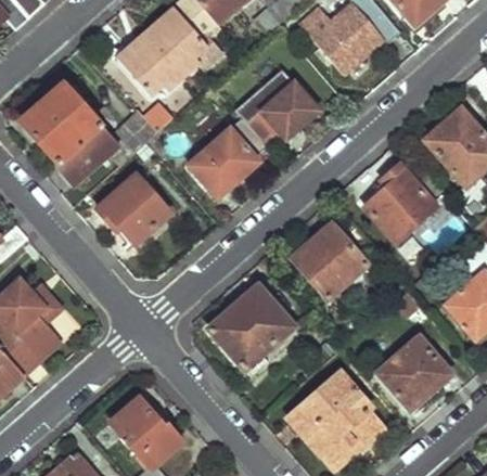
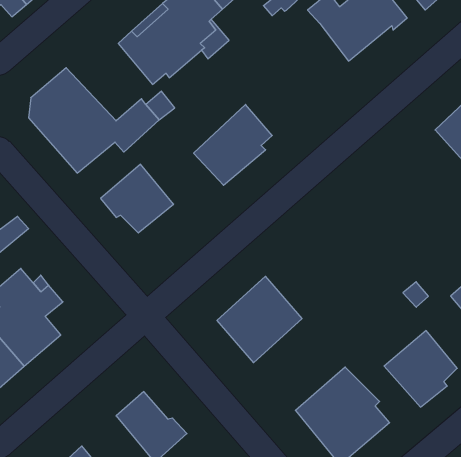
building: [241,81,318,146] -> none
building: [366,166,437,243] -> none
building: [290,226,364,297] -> none

